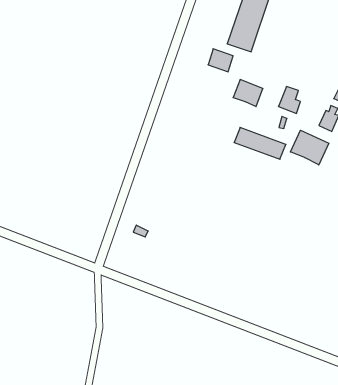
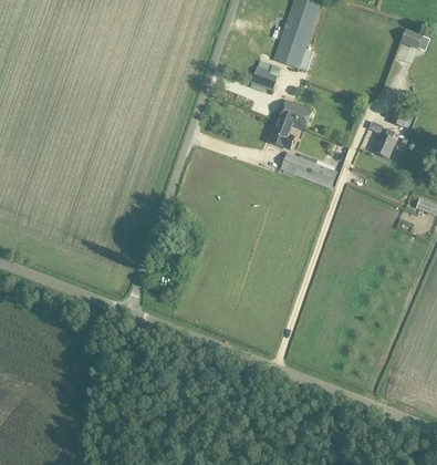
building: [278,87,300,113] -> [271,120,295,149]
building: [290,130,329,165] -> none

